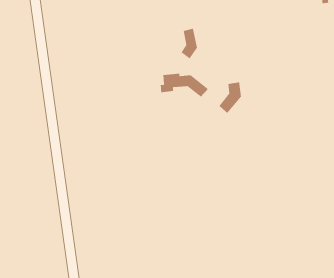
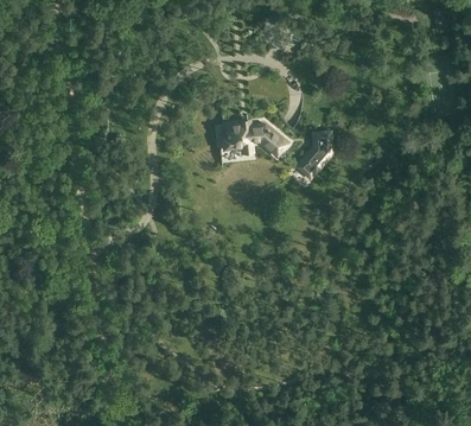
building: [180,28,198,59] -> none

